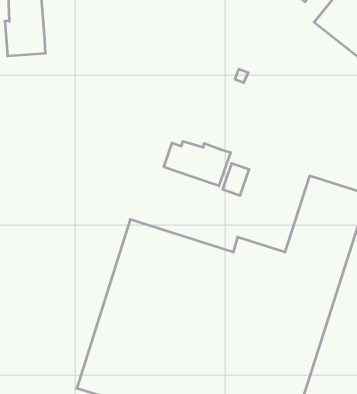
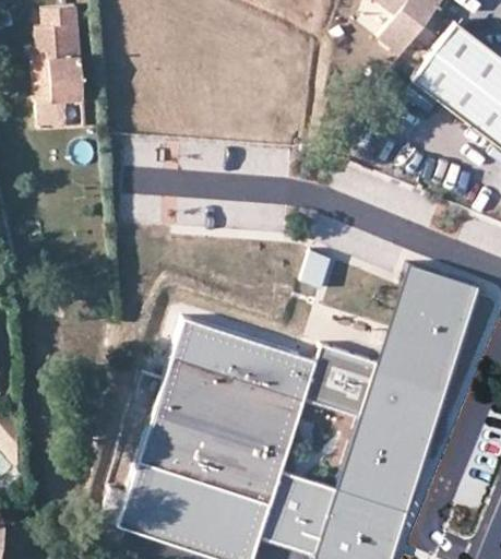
building: [164,141,230,186] -> none

